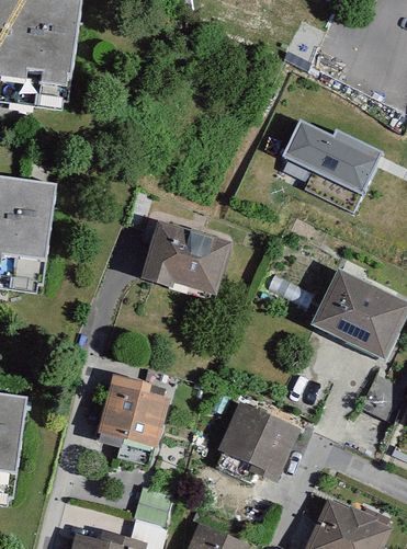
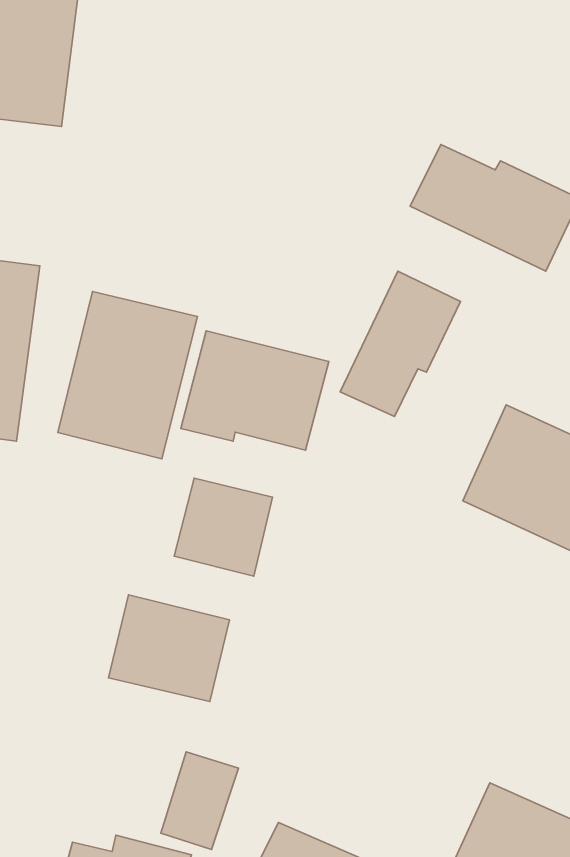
building: none -> [340,271,461,417]
building: none -> [58,291,197,459]
building: none -> [174,478,272,576]
building: [217,400,298,474] -> none

